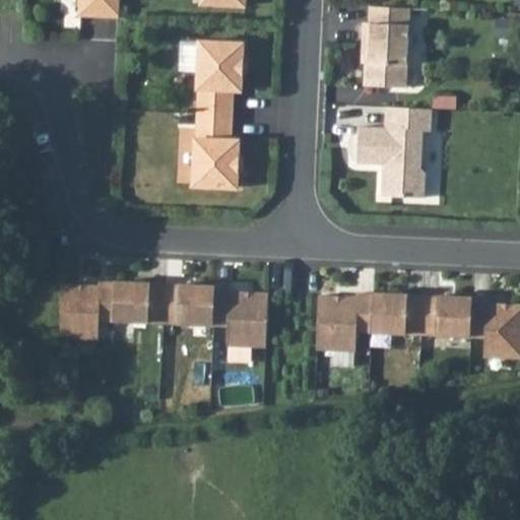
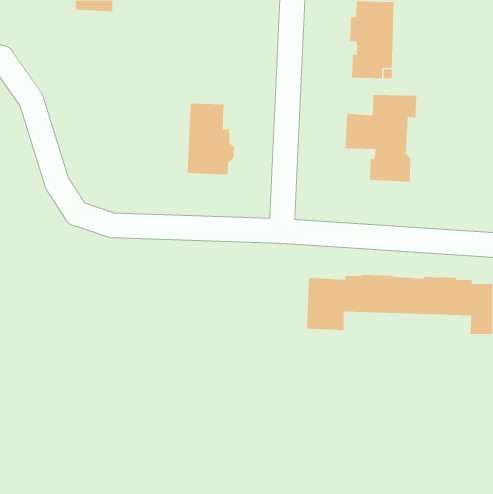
building: [196,44,246,117] -> none
building: [61,283,268,347] -> none

